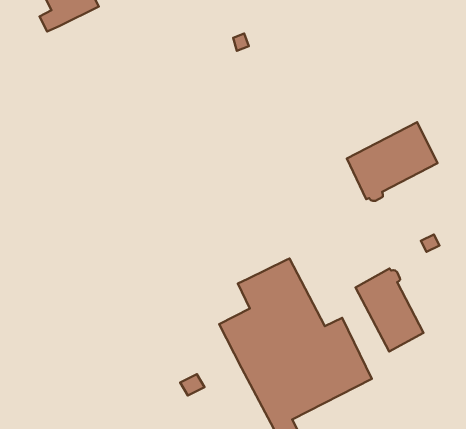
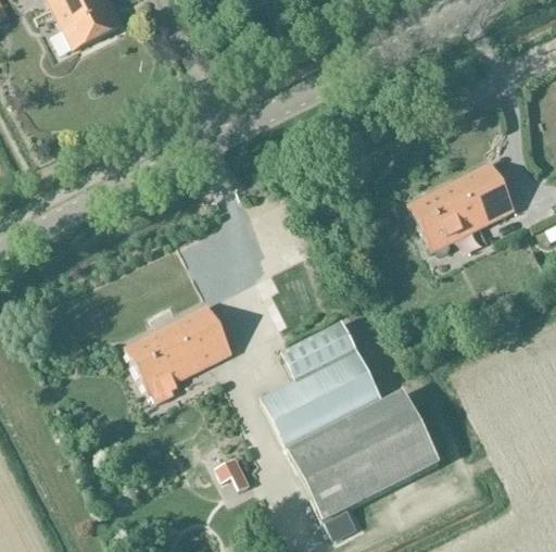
building: none -> [126,304,233,403]
building: [356,268,424,351] -> none

